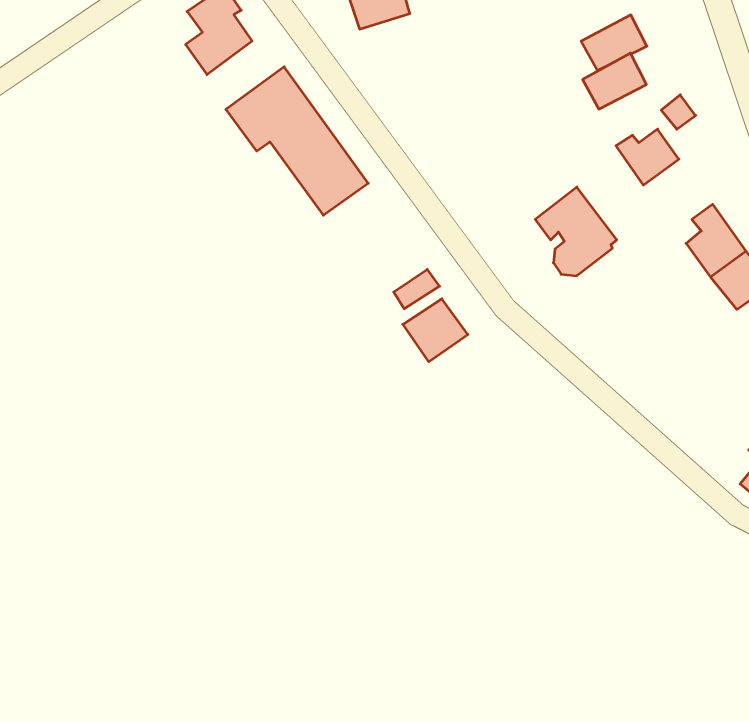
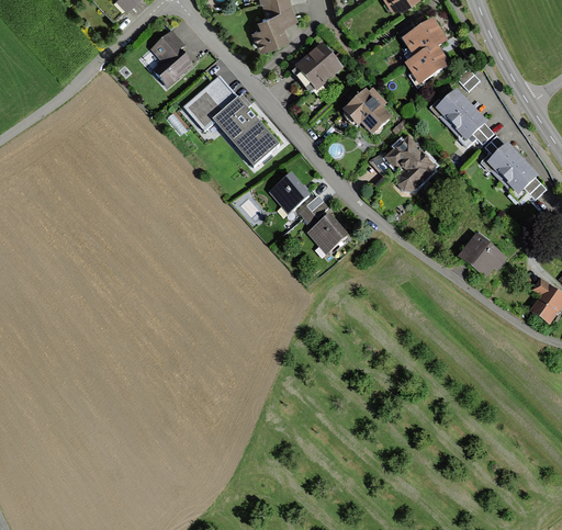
building: none -> [296,42,345,90]
building: none -> [346,88,393,134]
building: none -> [451,110,493,145]
building: none -> [270,171,312,213]
building: none -> [460,232,512,278]

